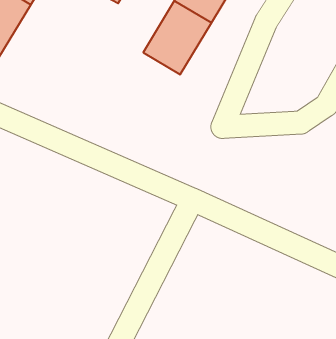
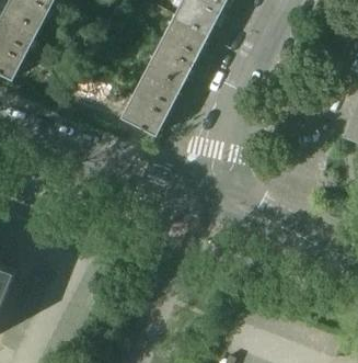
building: none -> [119,66,183,136]

